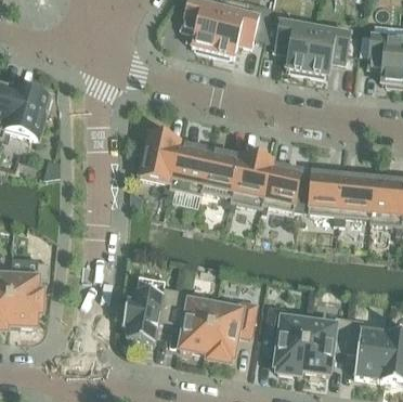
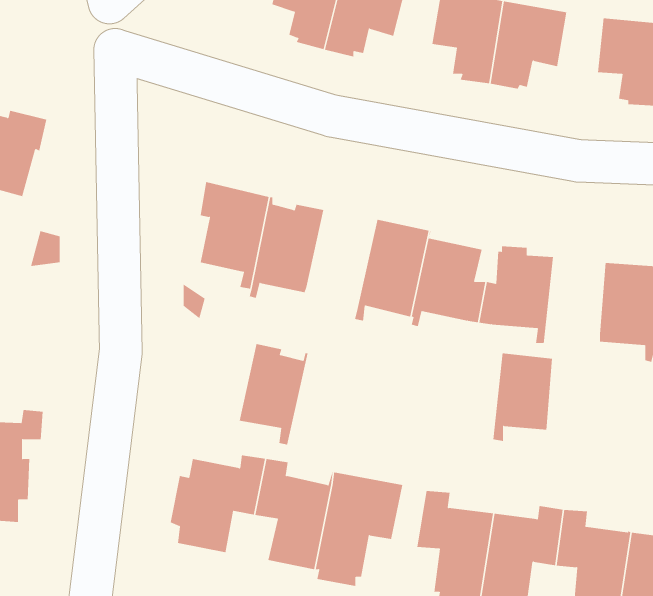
building: [202,144,242,203] -> [239,343,309,445]
building: [338,171,373,222] -> [493,353,553,442]

